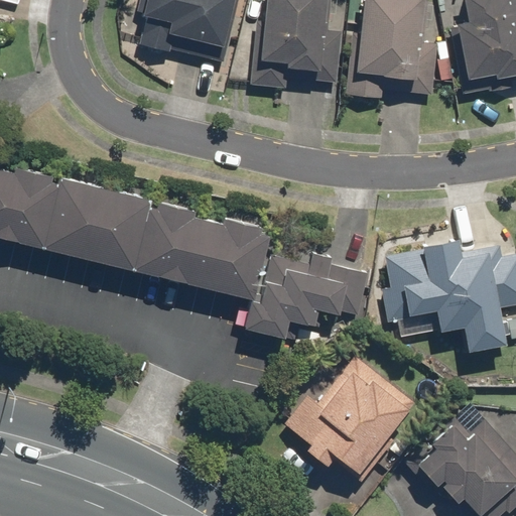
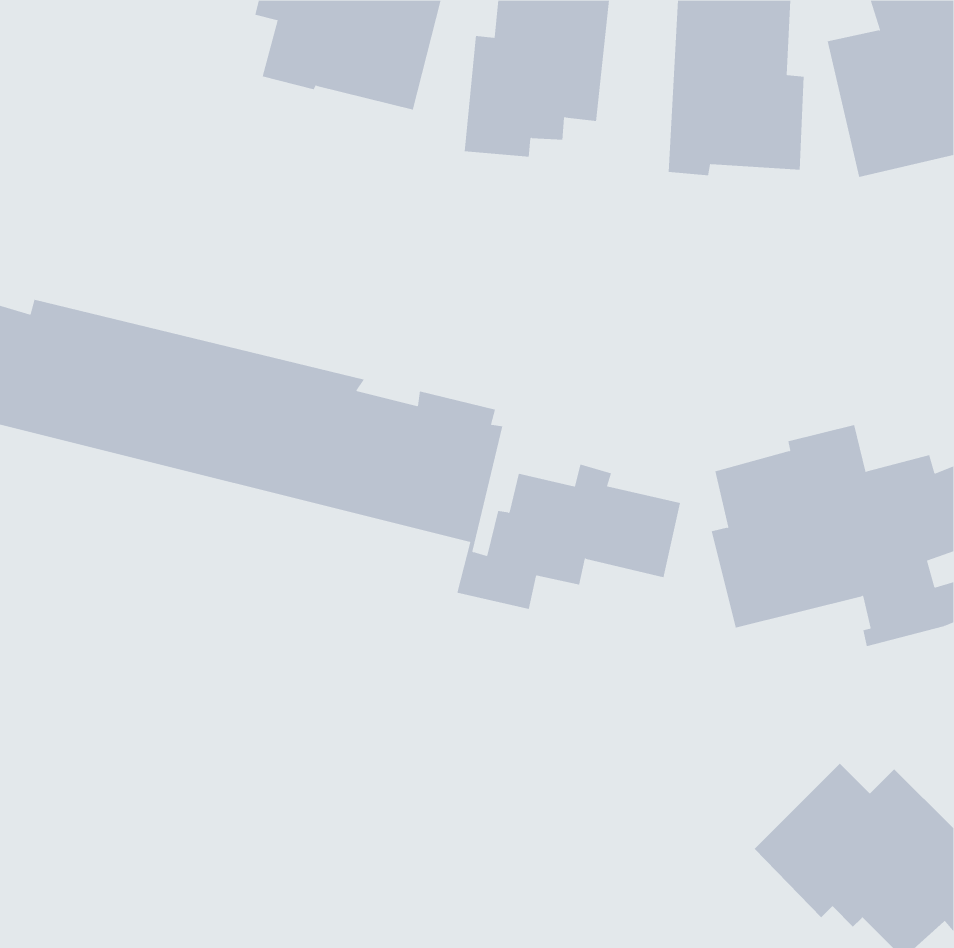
building: [287,356,415,485] -> none

